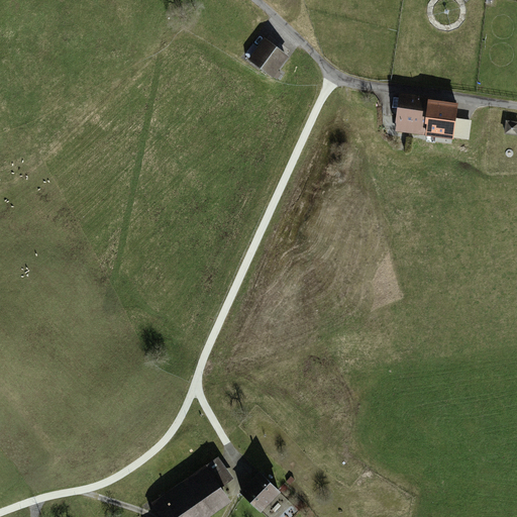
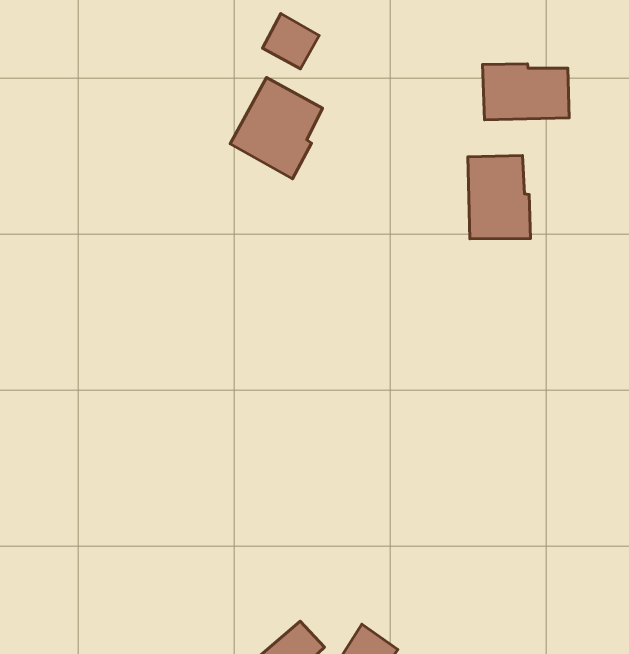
building: none -> [230,78,322,179]
building: none -> [468,156,531,239]

